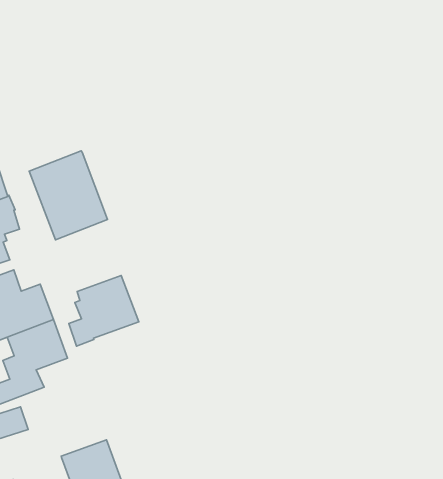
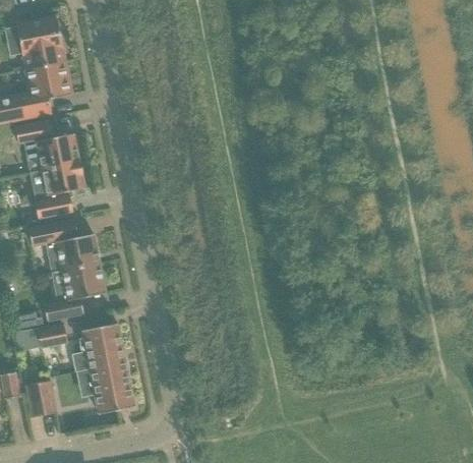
building: [29,151,107,240] -> none
building: [69,276,139,346] -> [69,323,123,371]

